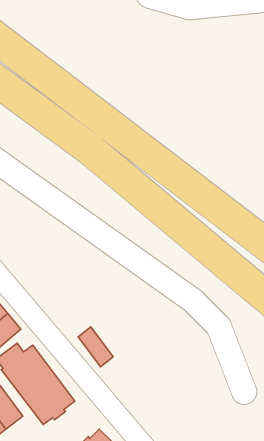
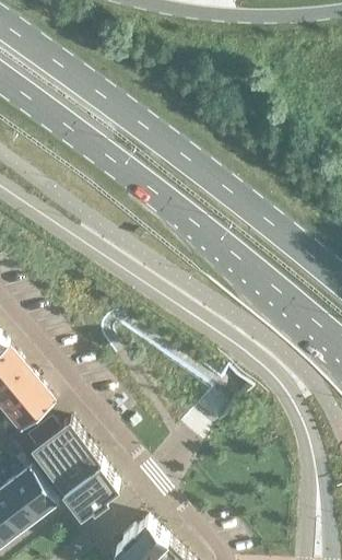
building: [78,327,113,367] -> none

